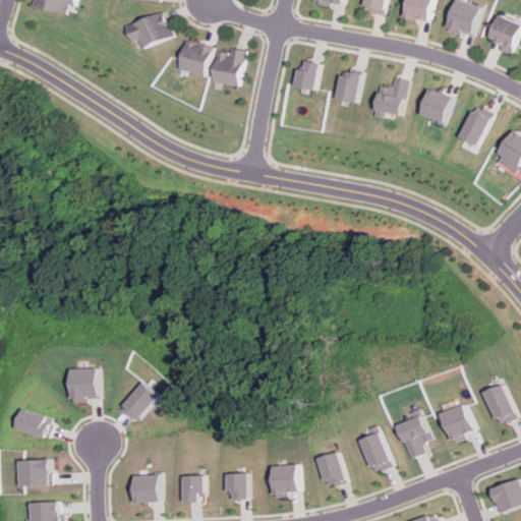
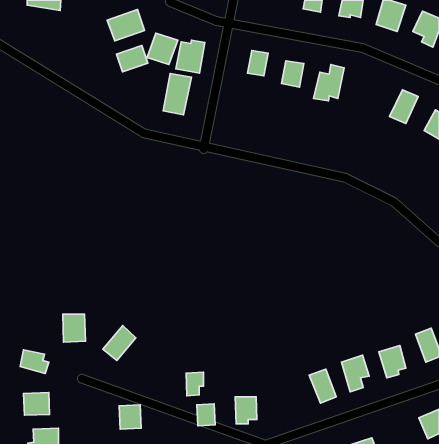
building: none -> [117,45,148,72]
building: none -> [163,73,191,115]
building: [415,90,448,124] -> none
building: [320,452,347,485] -> none
building: [187,475,208,503] -> [186,372,203,396]

